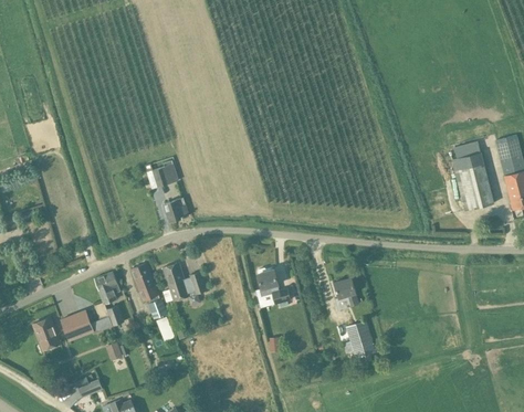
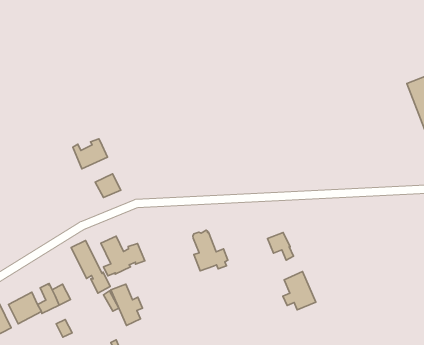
building: [452,152,493,211] -> none
building: [94,271,120,304] -> none
building: none -> [111,284,142,326]

